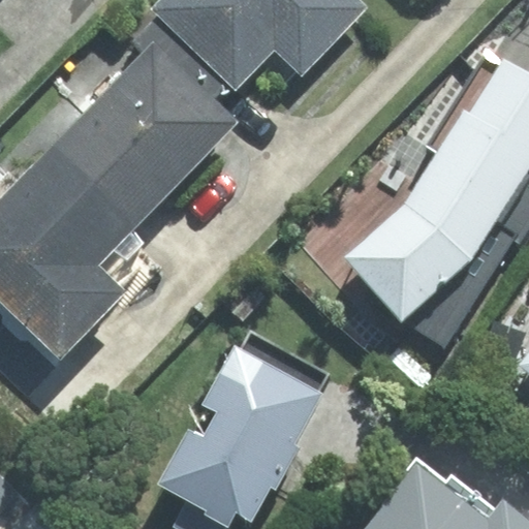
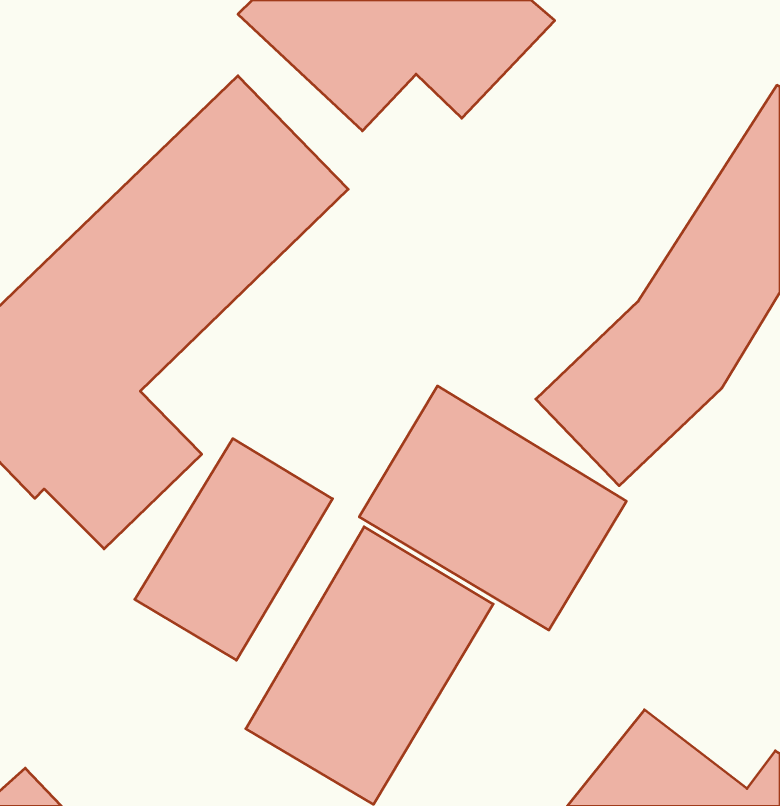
building: none -> [359,386,626,630]
building: none -> [135,439,333,660]

